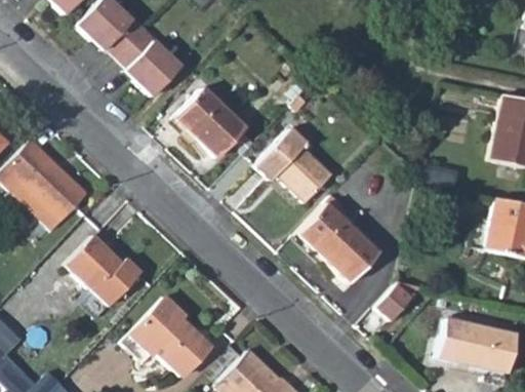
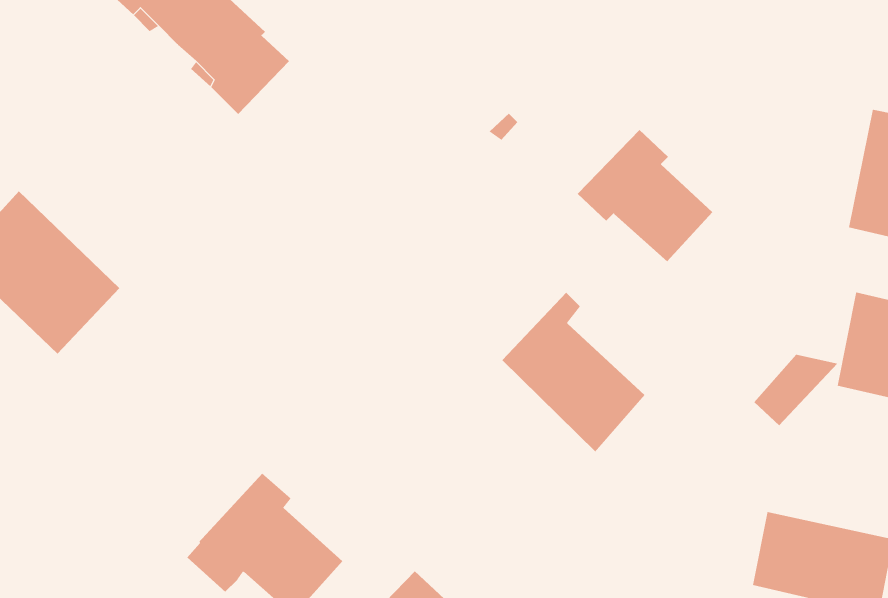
building: [176,88,246,157] -> none
building: [256,128,332,202] -> [577,129,713,262]
building: [66,236,143,307] -> none
building: [376,280,423,320] -> [753,354,838,426]

